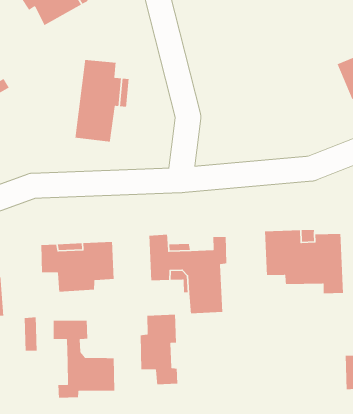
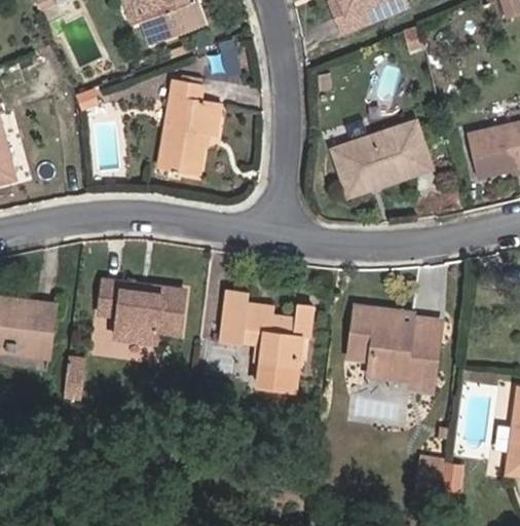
building: none -> [327,122,428,196]
building: [140,314,178,385] -> none
building: [53,320,115,398] -> none

